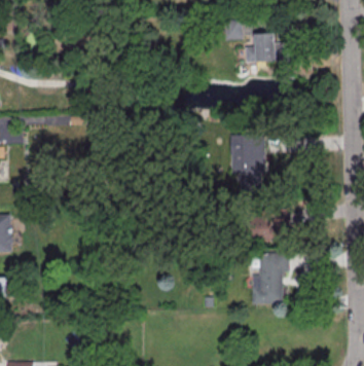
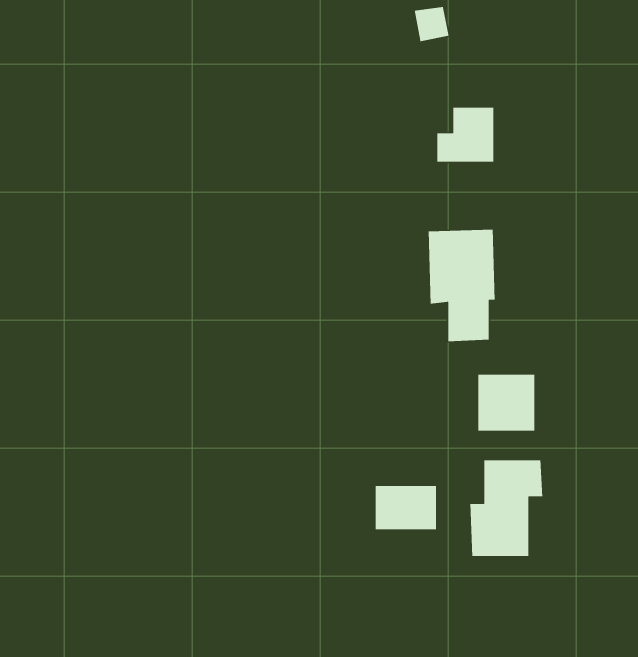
building: [246,32,276,61] -> [437,107,494,162]
building: none -> [375,485,437,530]

